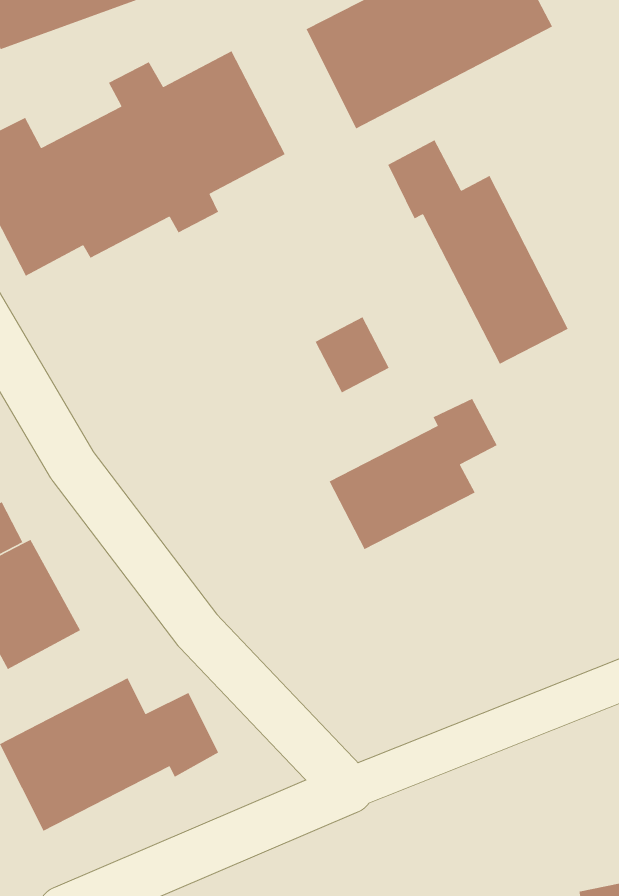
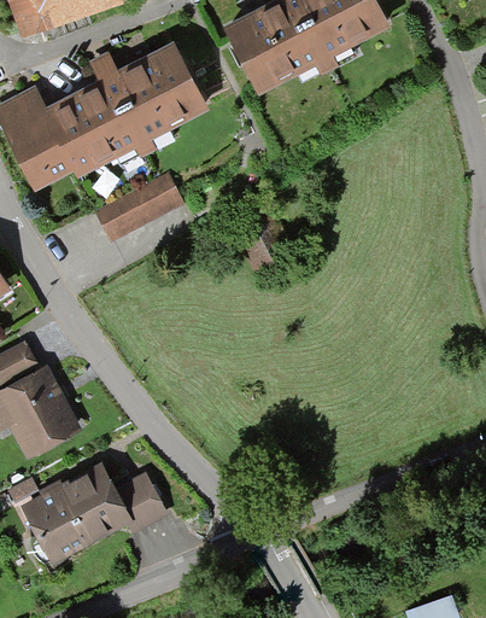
building: [387,139,569,365] -> none
building: none -> [96,171,183,238]
building: [328,398,498,550] -> none

